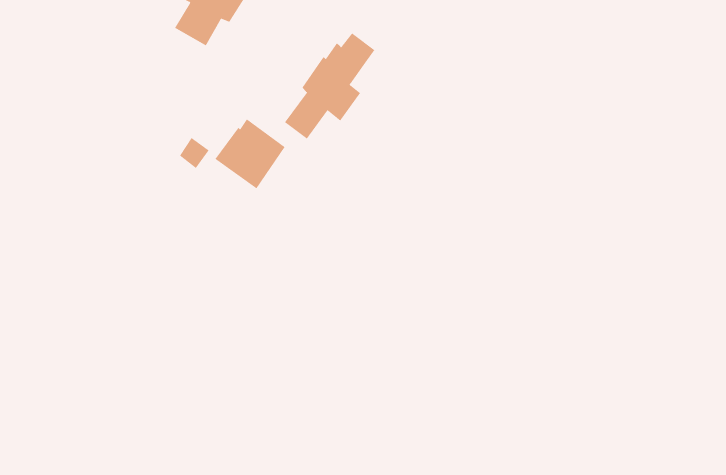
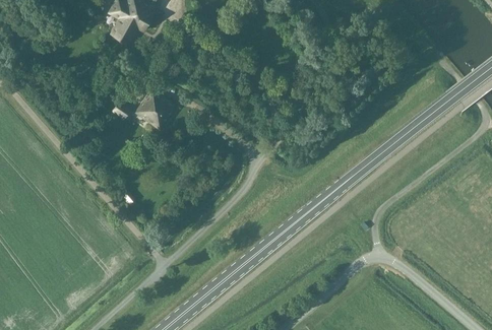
building: [284,33,375,140] -> none

